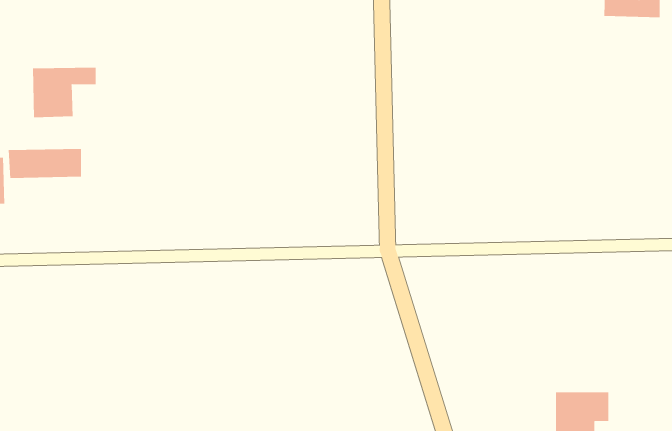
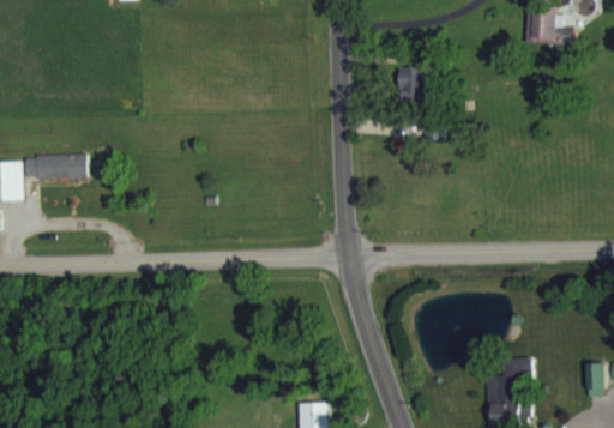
building: none -> [397,68,425,101]
building: [33,67,96,118] -> none

